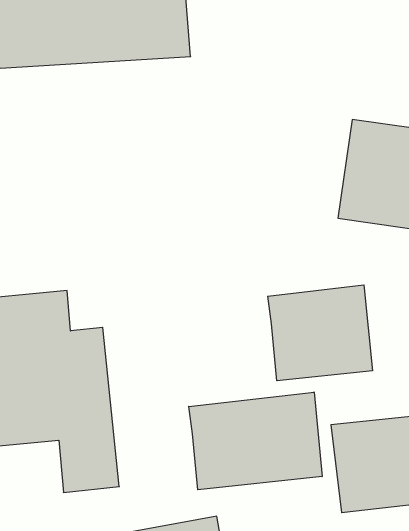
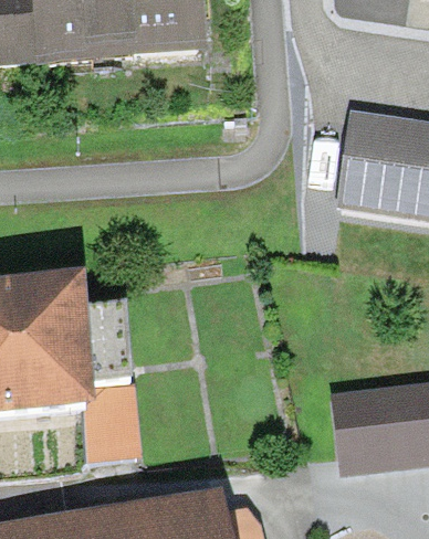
building: [268,285,372,381] -> none
building: [189,392,322,490] -> none

